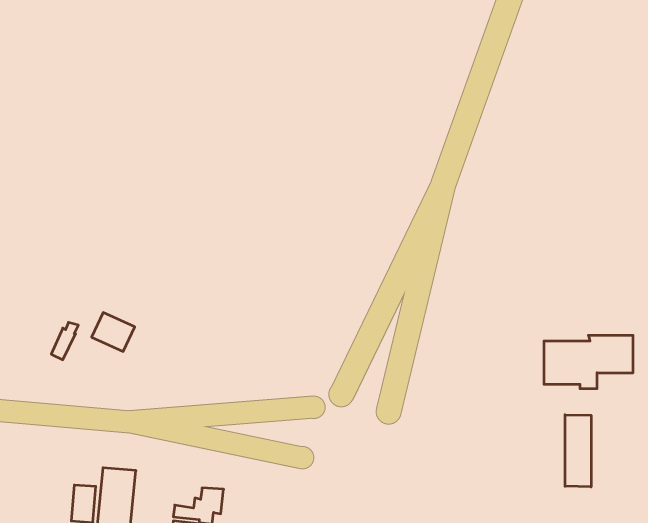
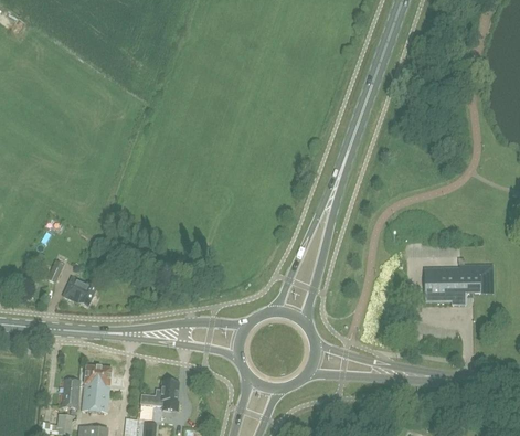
building: [92,313,135,351] -> [62,277,95,307]
building: [565,415,591,487] -> none

